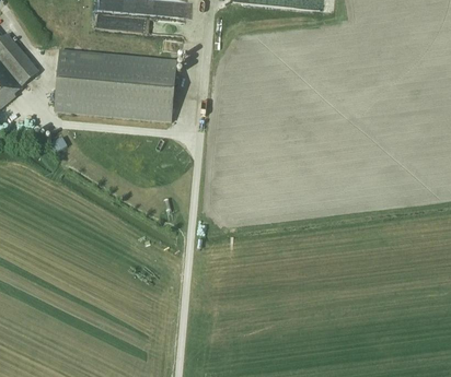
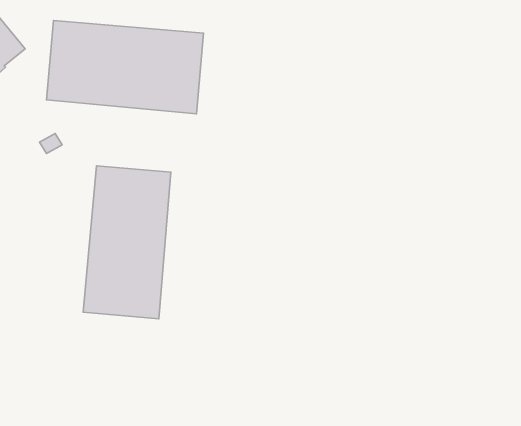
building: none -> [83,166,171,319]

